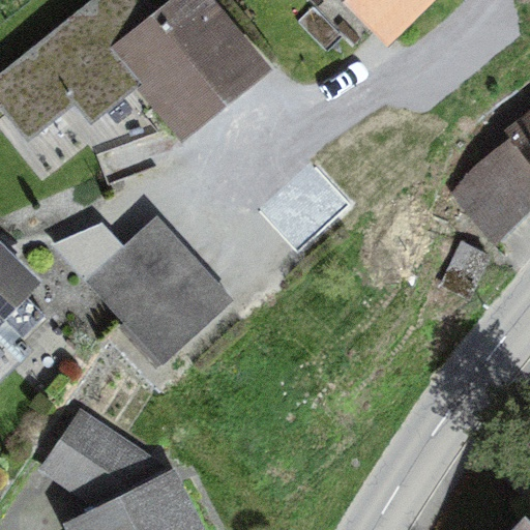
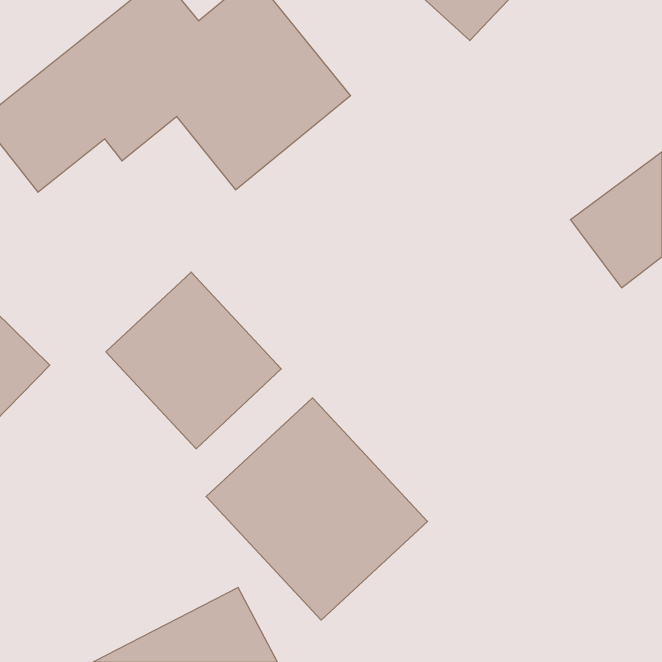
building: none -> [206,398,428,620]
building: [36,408,151,494] -> none

